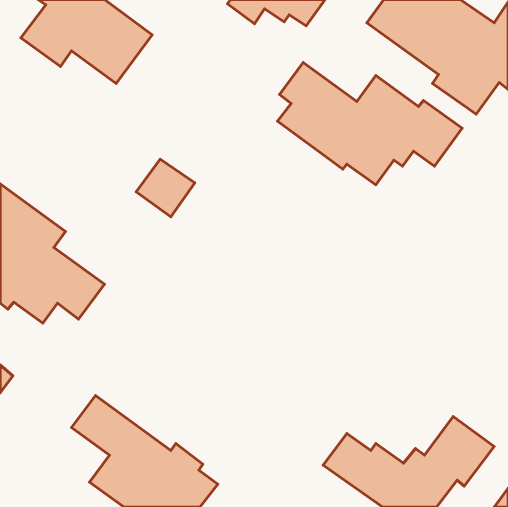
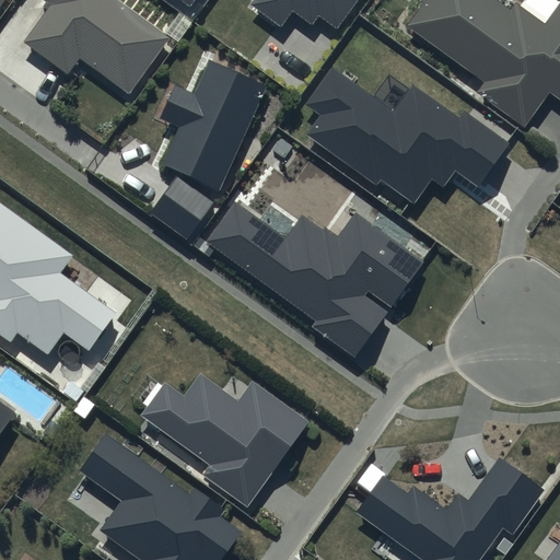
building: none -> [158,62,261,187]
building: none -> [208,201,424,357]
building: none -> [141,373,307,505]

